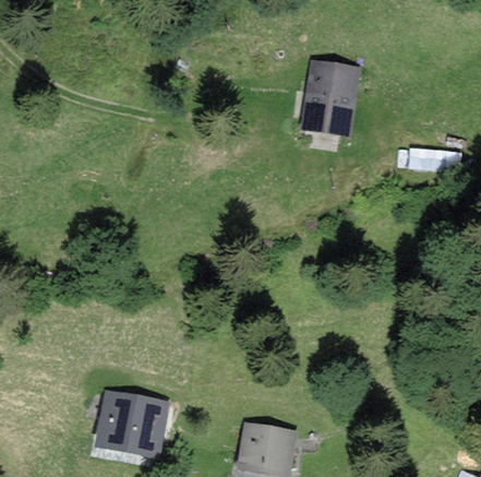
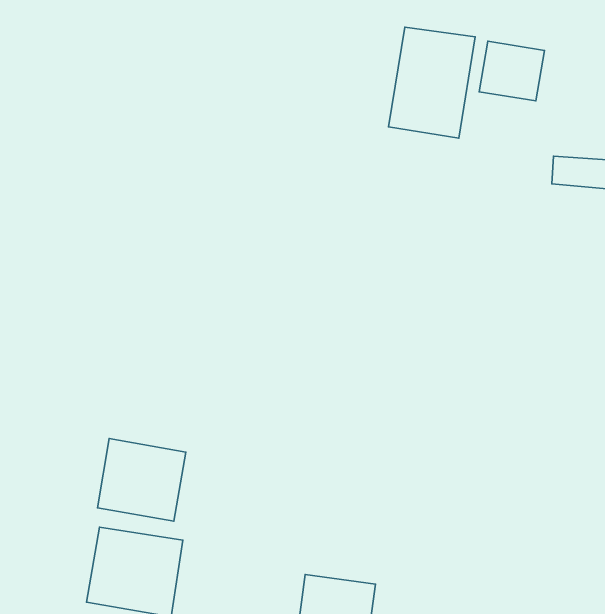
building: none -> [479,41,544,101]
building: none -> [97,439,186,521]

